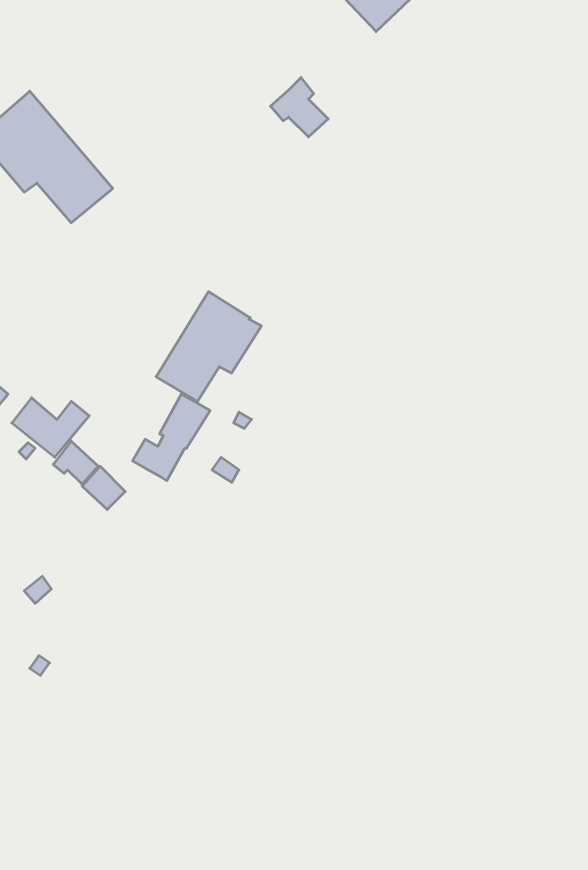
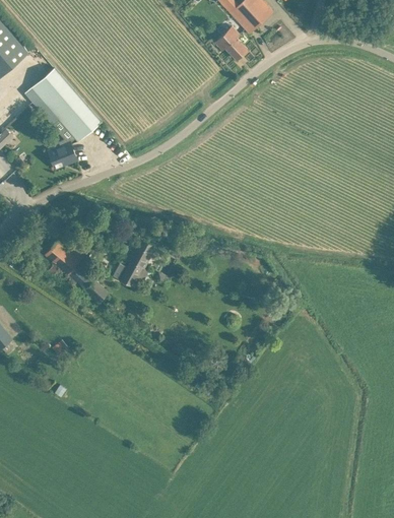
building: [270,77,328,137] -> [214,26,247,60]
building: none -> [48,140,76,168]
building: [156,292,261,401] -> none

